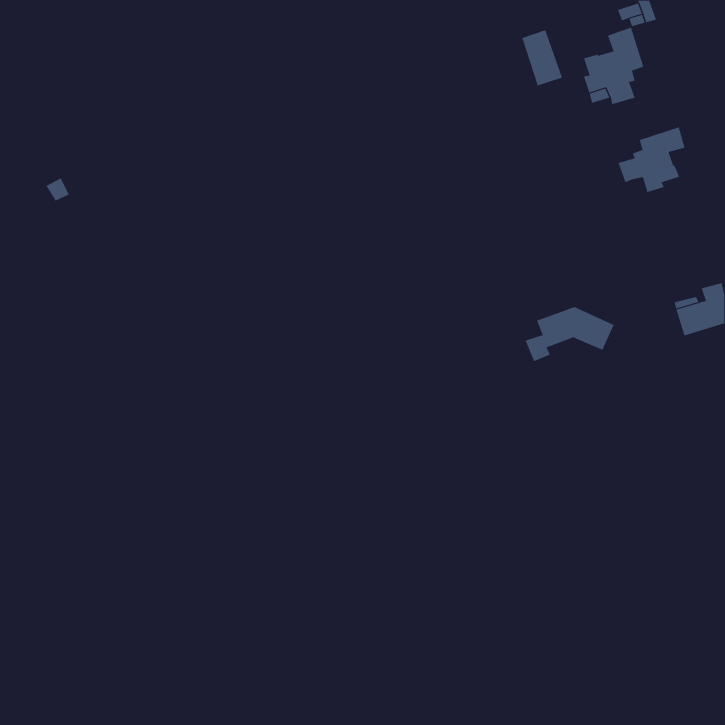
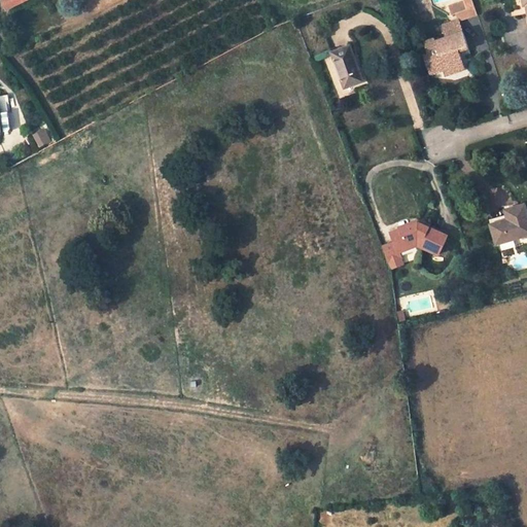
building: [522,29,563,86] -> [331,46,361,87]
building: [618,126,685,193] -> none

